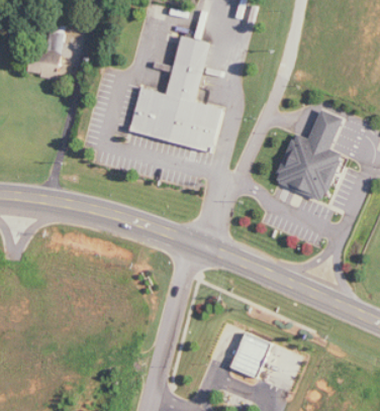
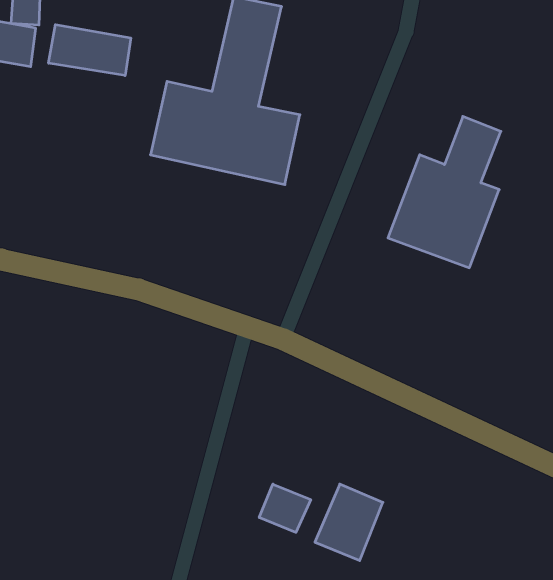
building: none -> [49,25,131,76]
building: none -> [259,484,311,532]

